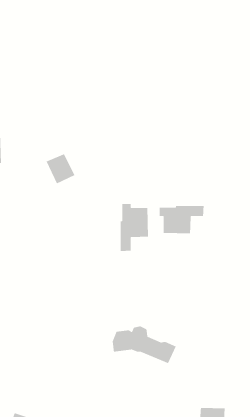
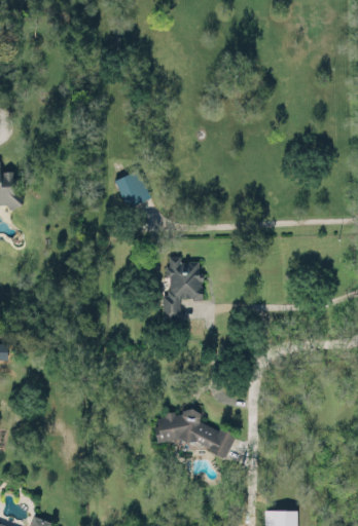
building: [46,153,75,184] -> [113,171,150,210]
building: [159,205,205,234] -> none

